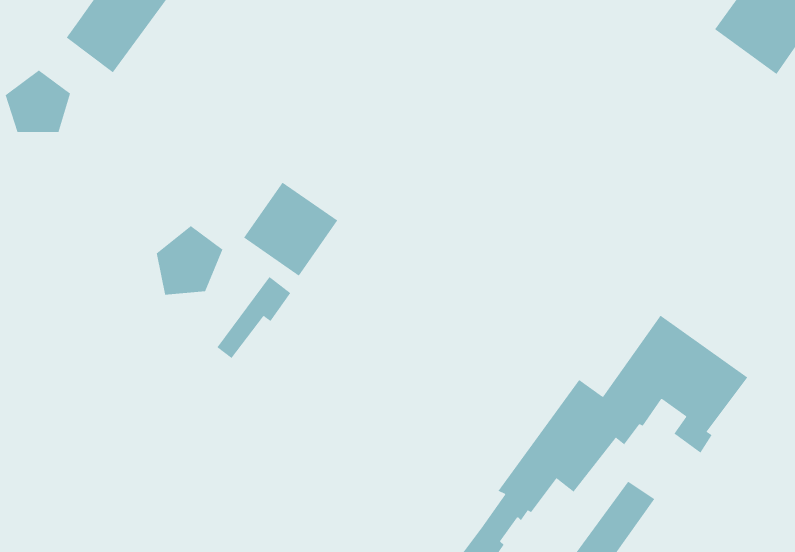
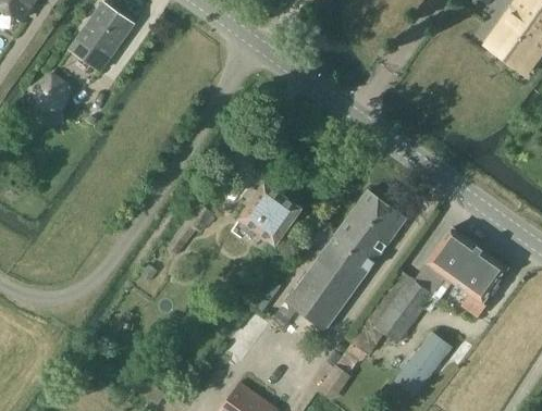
building: [243,182,338,276] -> [239,184,300,245]
building: [156,225,223,295] -> none
building: none -> [272,190,406,332]

